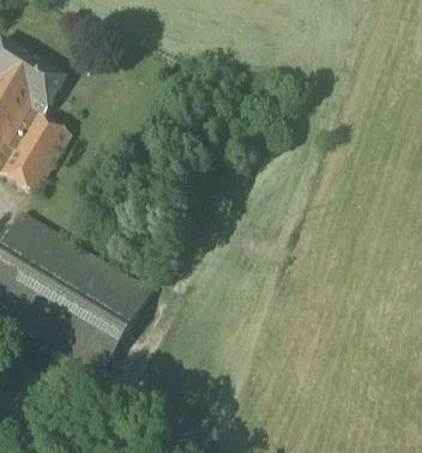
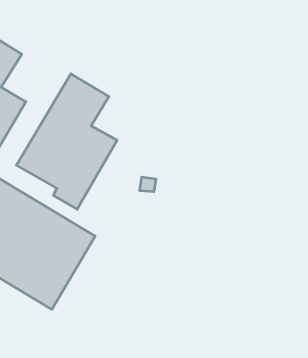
building: none -> [16,74,117,209]

